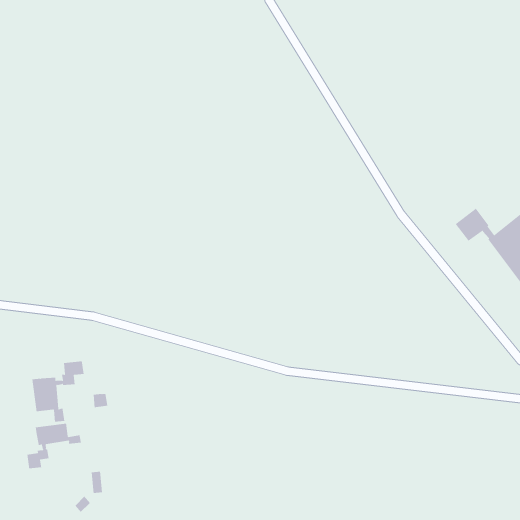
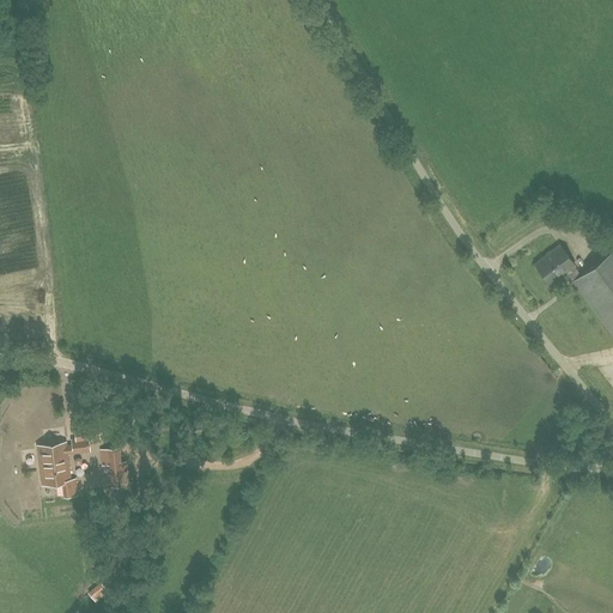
building: [27,423,81,469] -> none

